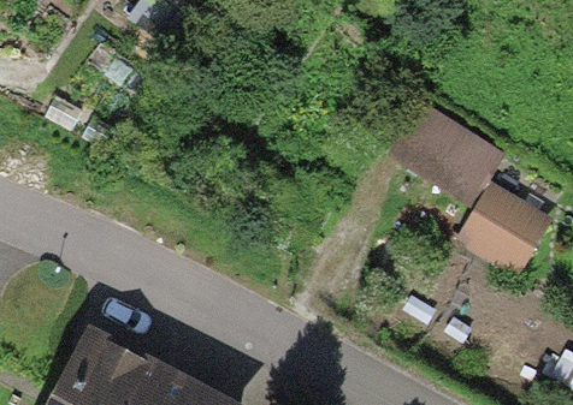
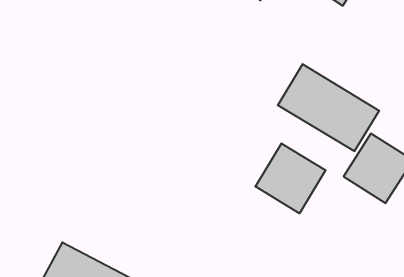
building: none -> [255,143,326,213]

